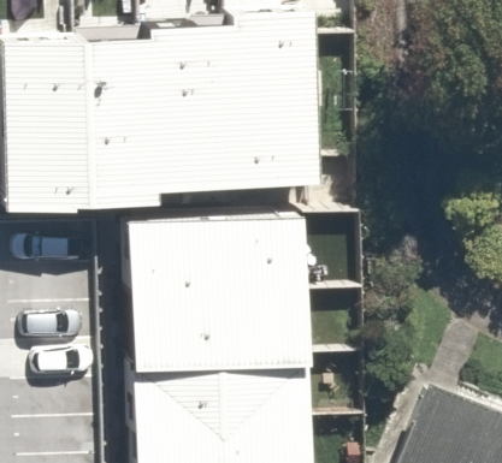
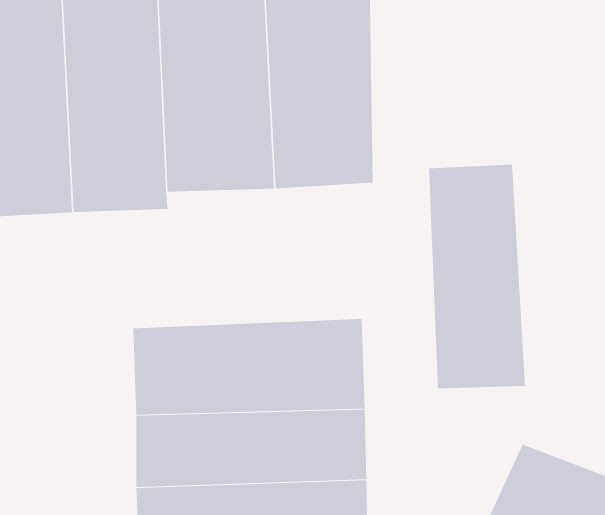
building: none -> [428,164,526,389]
building: [129,215,309,296] -> none

